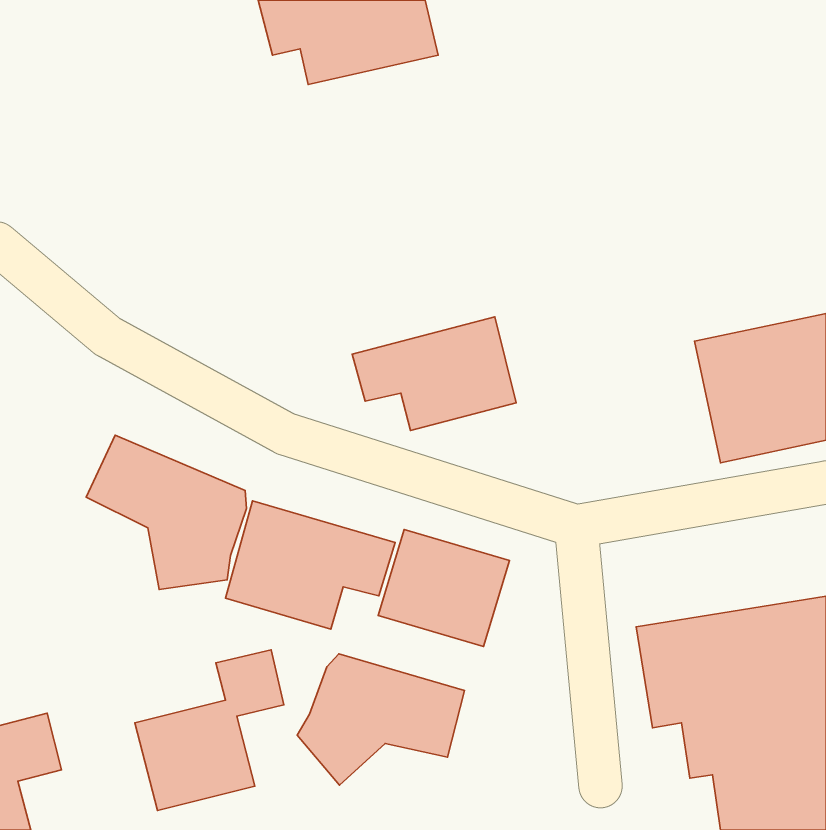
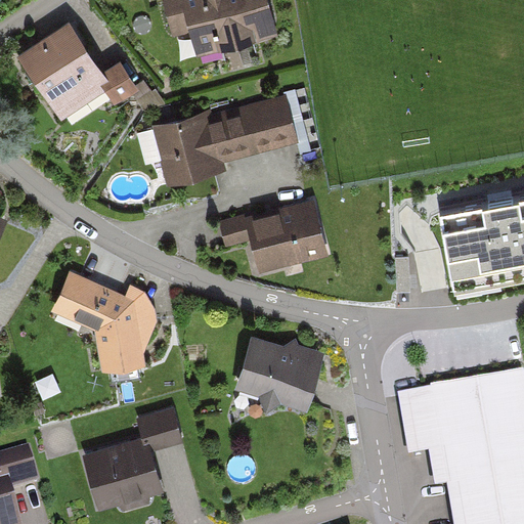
building: none -> [19,21,135,120]
building: none -> [155,98,298,182]
building: [225,501,395,629] -> none
building: [297,654,464,785] -> none

